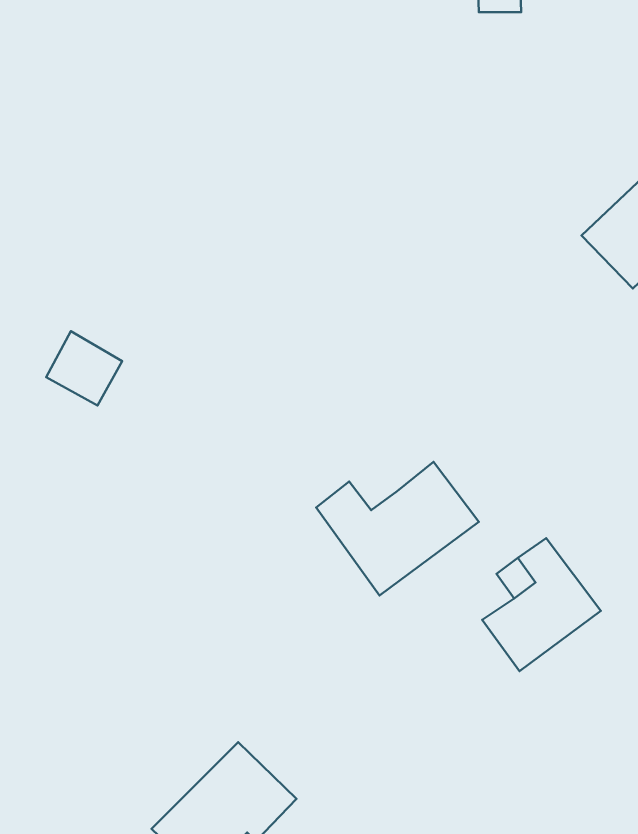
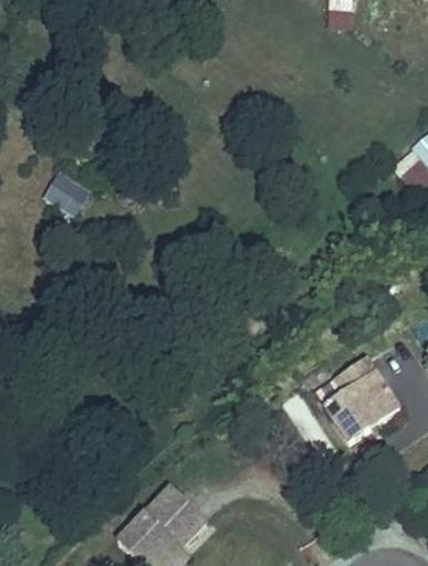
building: [46,331,122,406] -> [40,169,87,216]
building: [316,462,479,595] -> none

